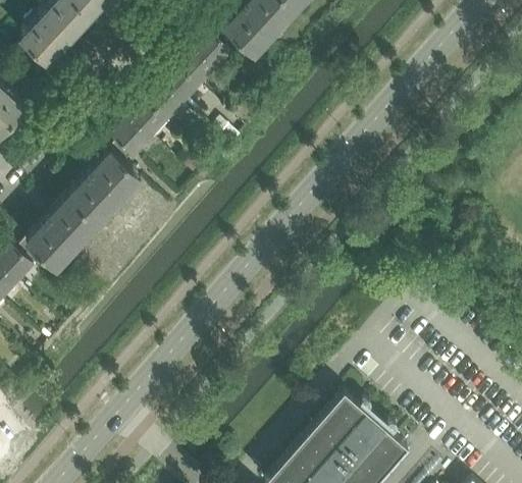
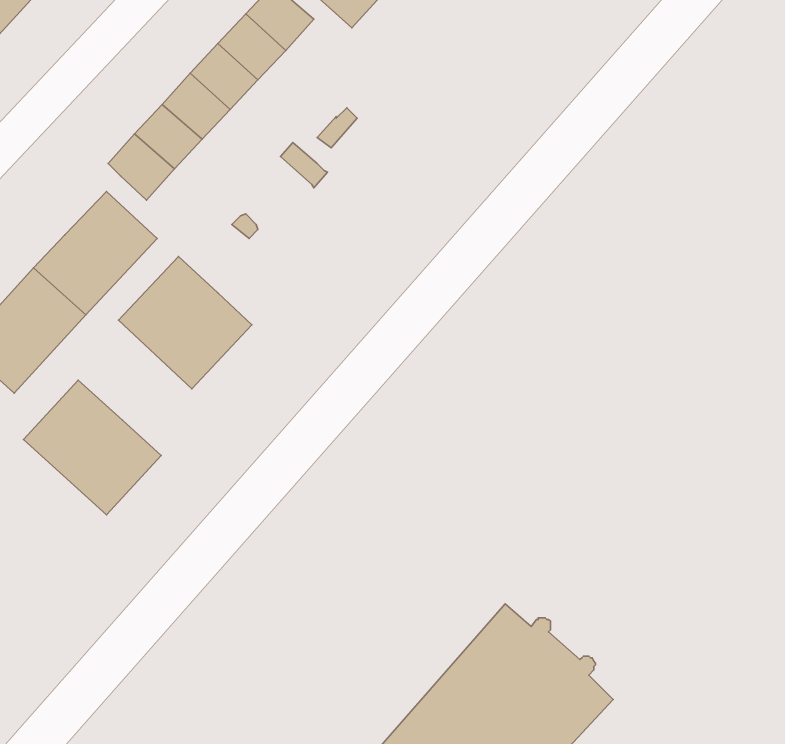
building: none -> [118,256,252,389]
building: none -> [24,380,161,515]

